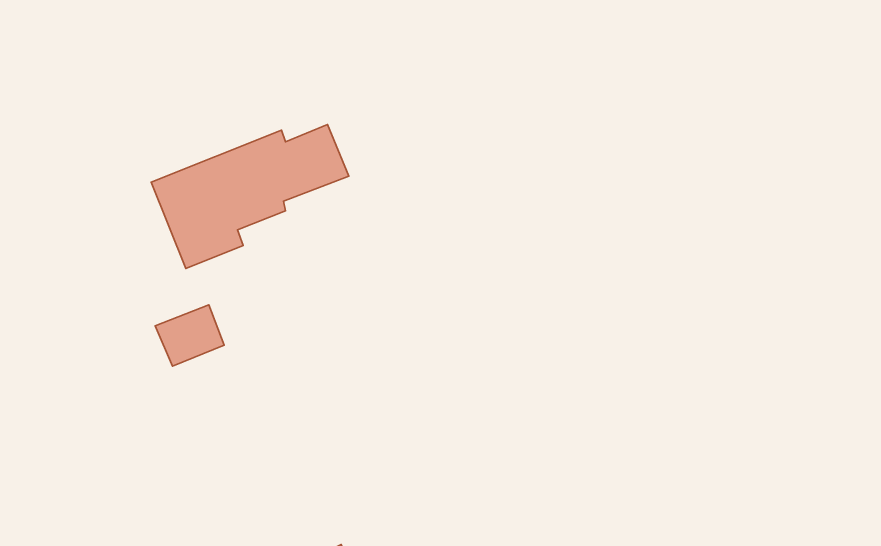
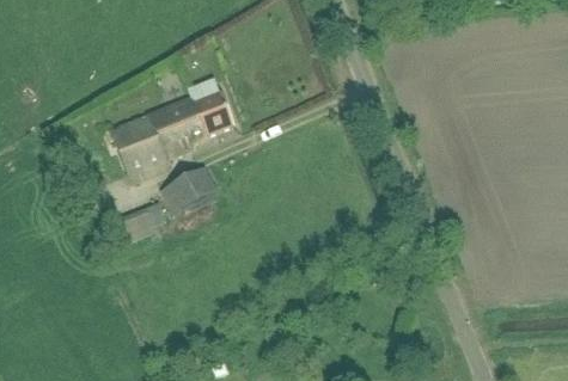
building: none -> [159,166,219,216]

